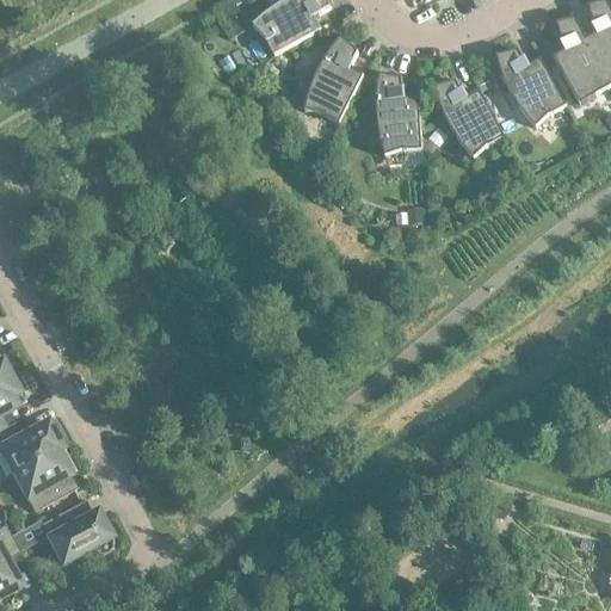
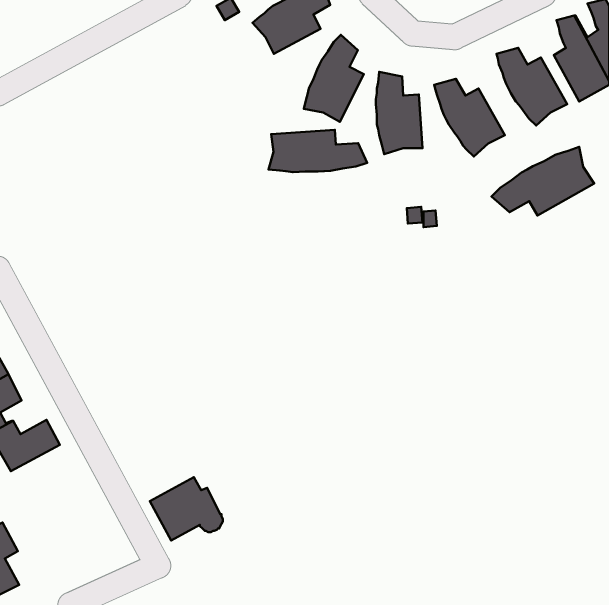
building: none -> [268,130,367,172]
building: none -> [492,147,594,216]
building: [11,444,76,510] -> none
building: [38,498,111,561] -> [150,477,223,540]

